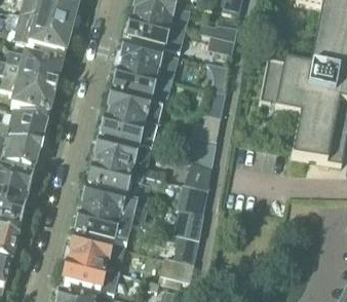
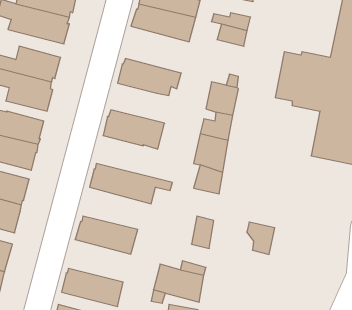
building: [121,37,177,73] -> none
building: [109,85,163,119] -> none
building: [95,134,166,174] -> none
building: [183,179,208,209] -> [247,222,275,254]
building: [83,182,139,217] -> none
building: [70,230,123,265] -> none

